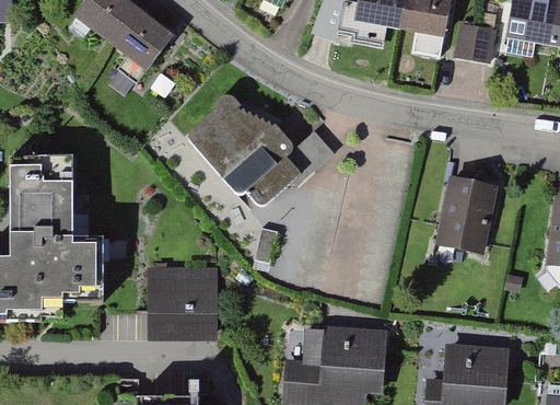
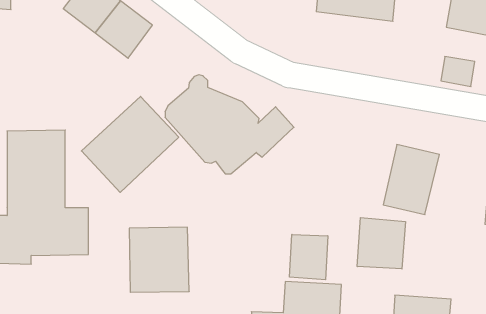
building: [458,26,497,60] -> [441,57,475,87]
building: none -> [81,96,179,192]
building: none -> [357,218,405,269]
building: none -> [290,234,328,280]

